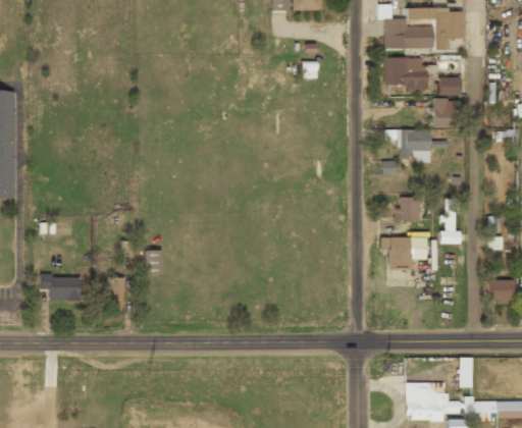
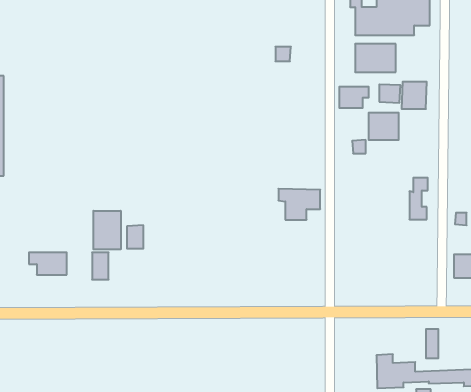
building: [438,75,461,95] -> [379,84,401,103]
building: none -> [339,87,369,108]
building: [397,197,419,220] -> none
building: none -> [93,211,121,249]
building: [381,236,425,269] -> [278,189,320,220]

